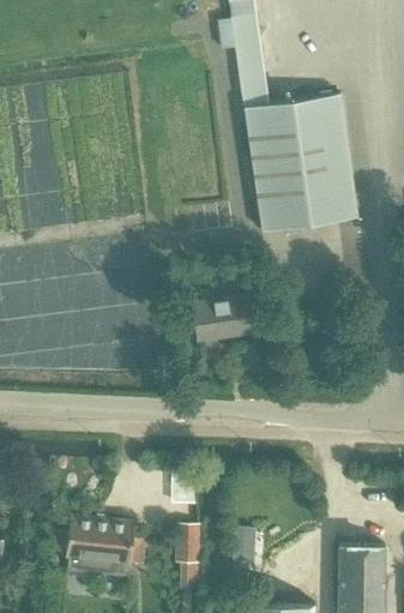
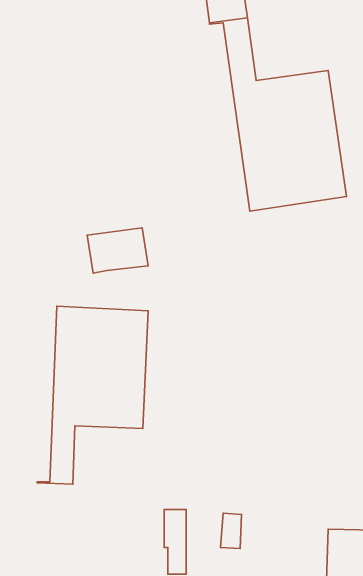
building: [193,298,253,342] -> [87,228,148,273]
building: none -> [37,306,148,484]
building: [55,516,145,576] -> none

